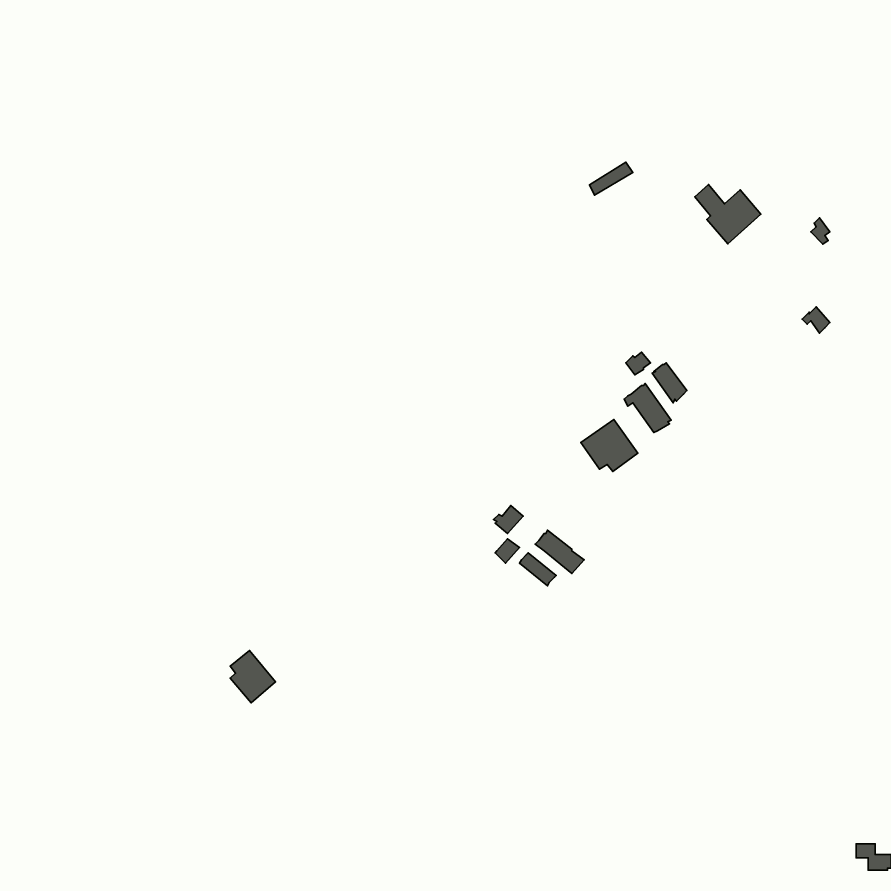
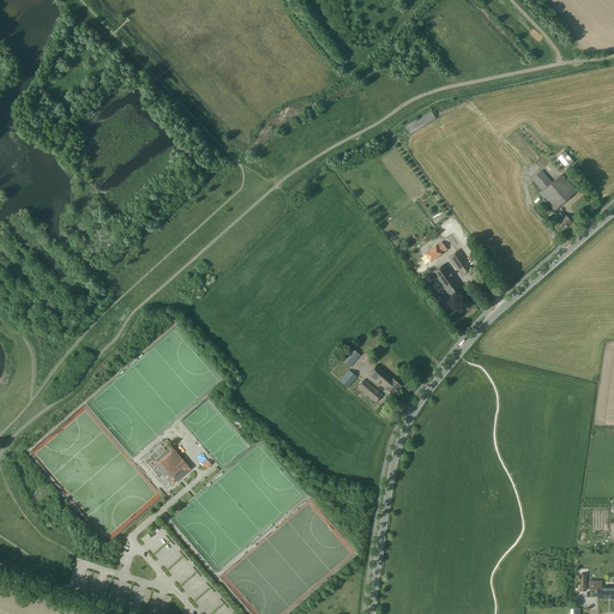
building: [695,185,761,244] -> [531,170,577,211]
building: [581,420,638,471] -> none

